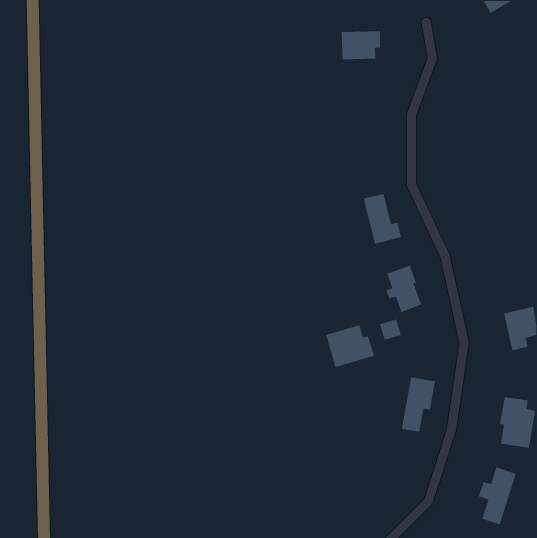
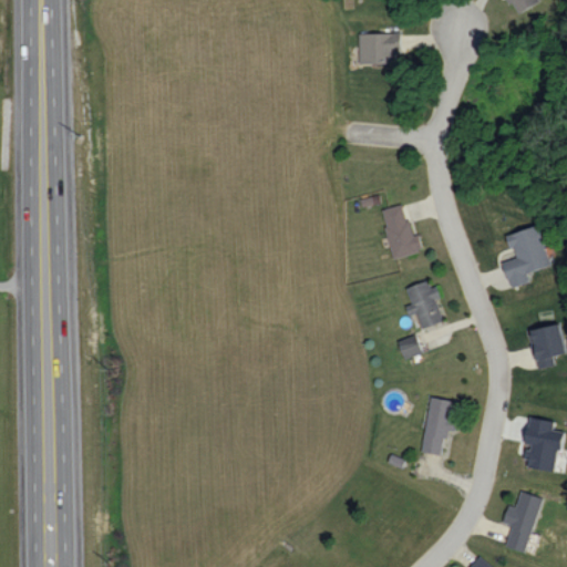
building: none -> [503,226,550,288]
building: [325,324,375,368] -> none

